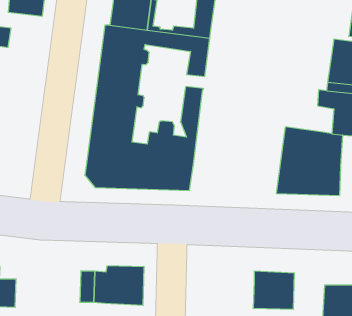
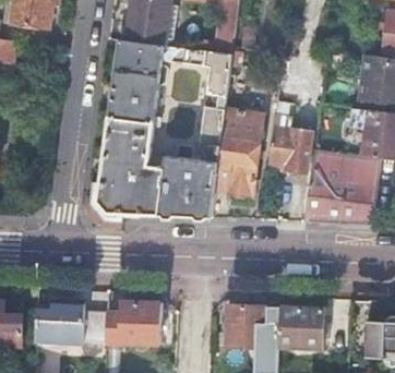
building: none -> [214,111,263,198]
building: none -> [267,128,310,173]
building: none -> [35,300,84,341]
building: none -> [225,304,279,347]

